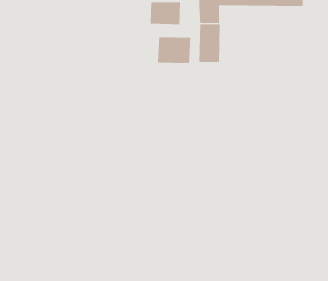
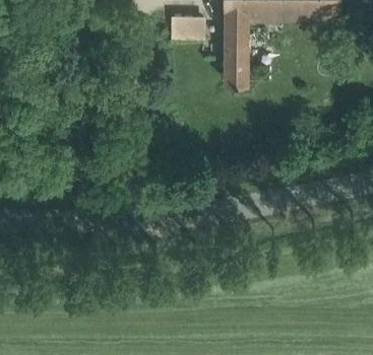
building: [158,36,191,64] -> none

